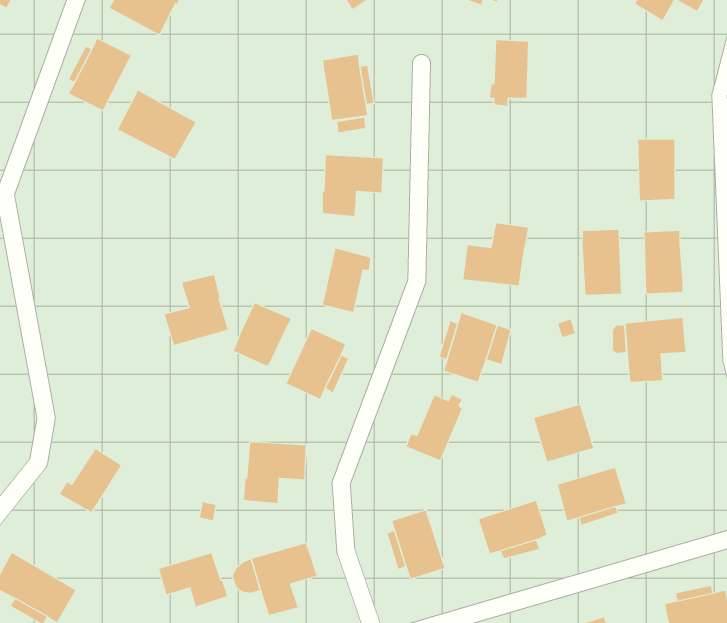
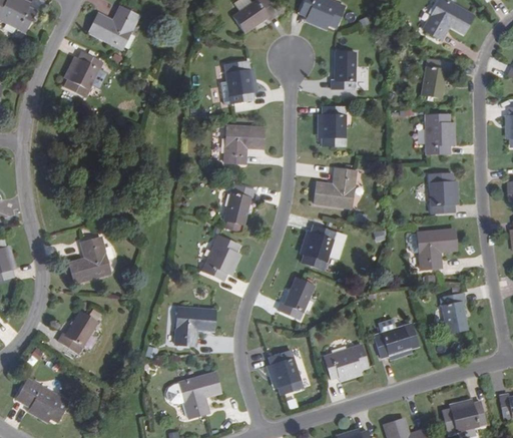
building: none -> [421,58,451,97]
building: [117,90,196,159] -> none
building: none -> [322,106,346,145]
building: [582,229,621,296] -> none
building: [164,275,229,346] -> [69,237,110,282]
building: [233,303,291,367] -> none
building: [533,404,594,462] -> none
building: none -> [440,292,467,333]
building: [159,553,228,607] -> none

